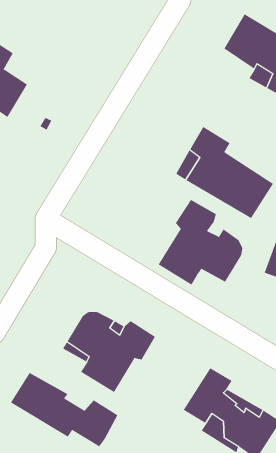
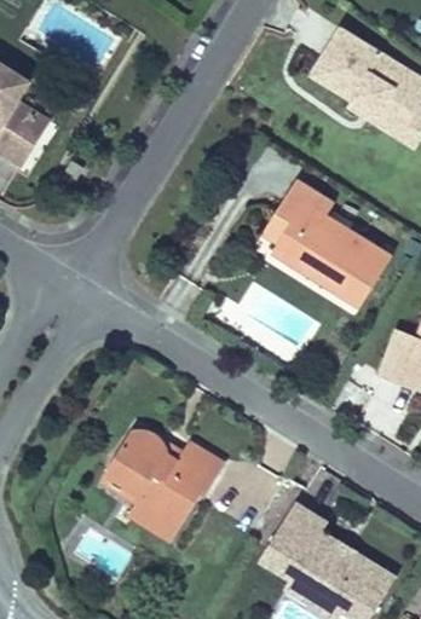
building: [158,199,243,286] -> none
building: [10,372,118,447] -> none

